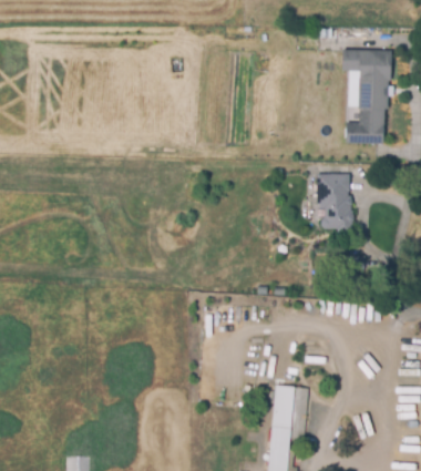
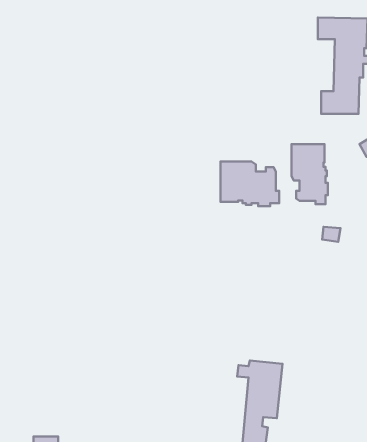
building: none -> [220,162,279,206]

